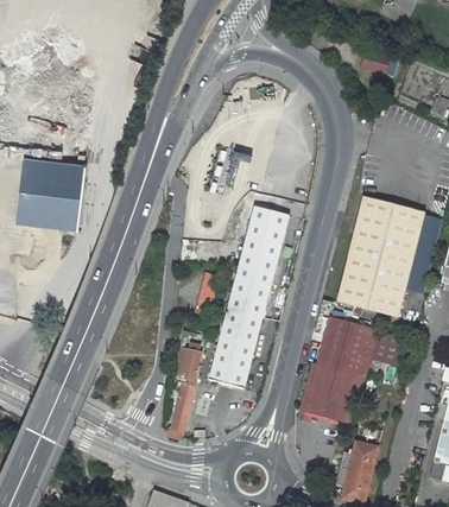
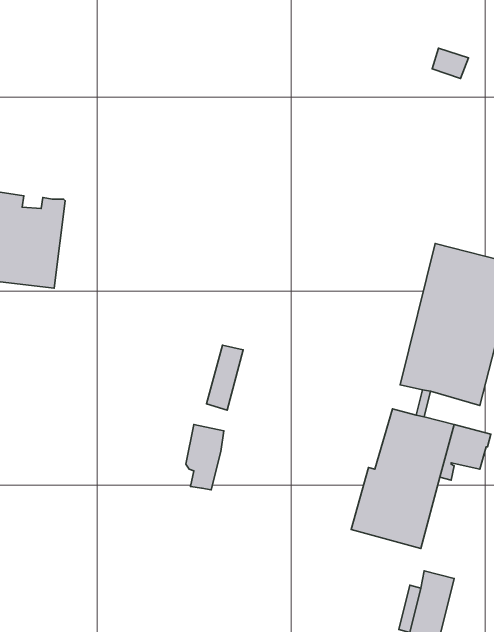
building: [209,205,289,388] -> none
building: [165,382,195,439] -> none

